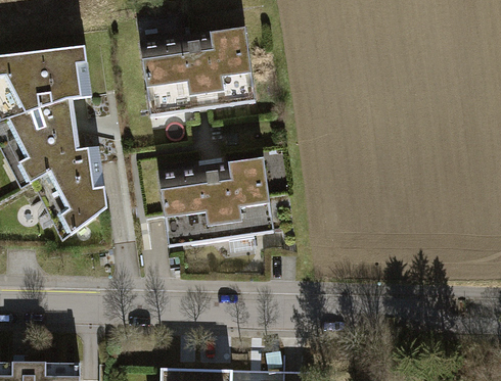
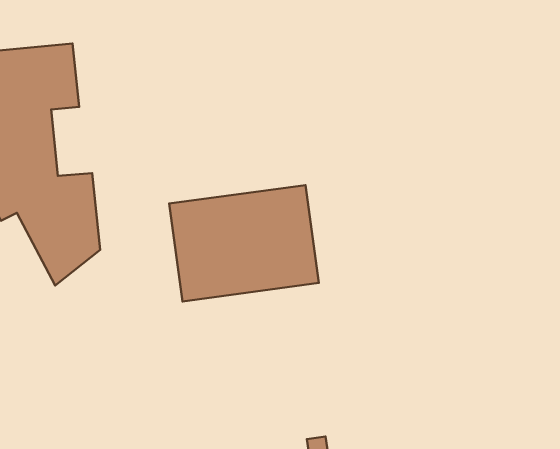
building: [140,26,254,112] -> none

